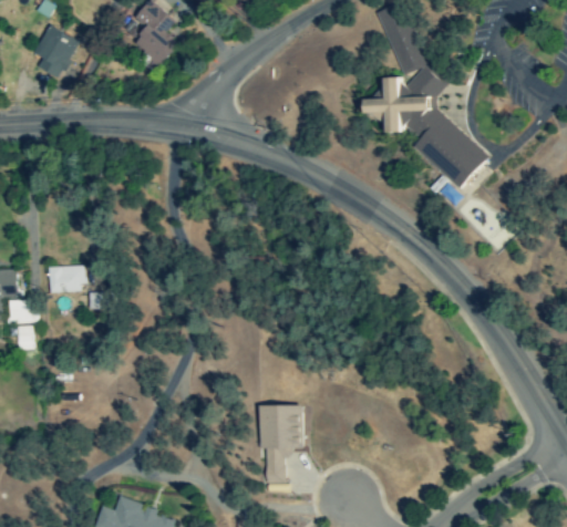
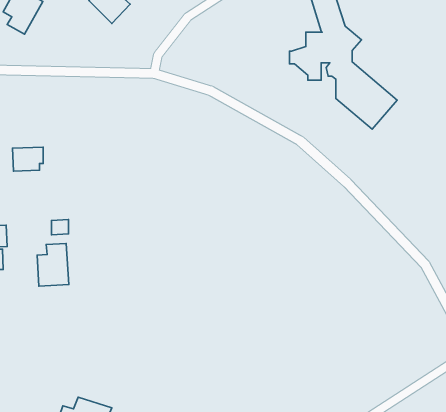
building: [49,266,84,293] -> [12,147,43,171]
building: none -> [37,243,69,286]
building: [258,405,302,484] -> none

